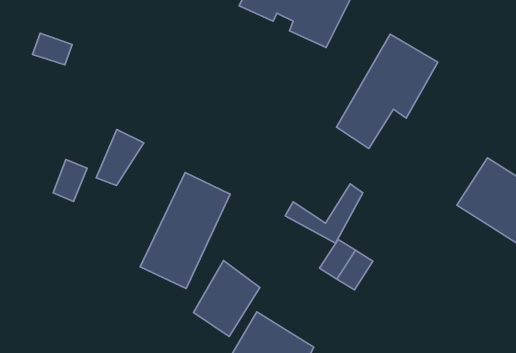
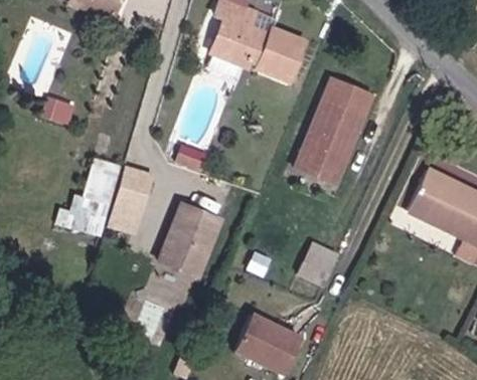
building: none -> [80,164,116,208]
building: [285,184,363,243] -> [297,131,357,180]
building: [193,261,260,336] -> none

